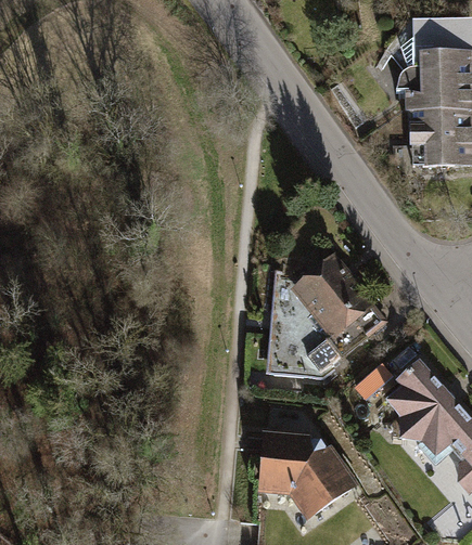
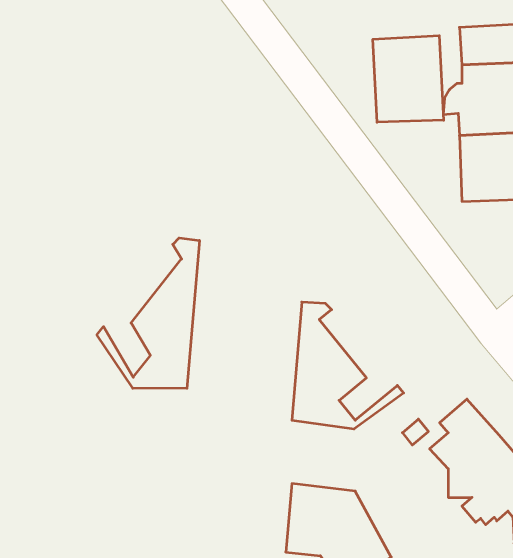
building: none -> [373,36,444,122]
building: none -> [97,238,199,388]
building: [288,250,385,372] -> none

